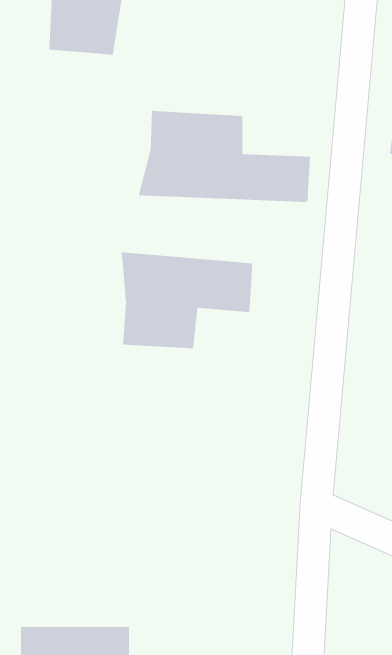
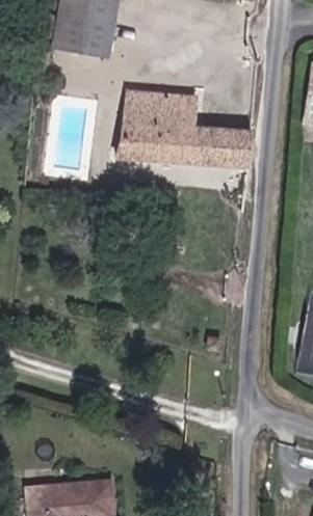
building: [121,252,253,349] -> none

